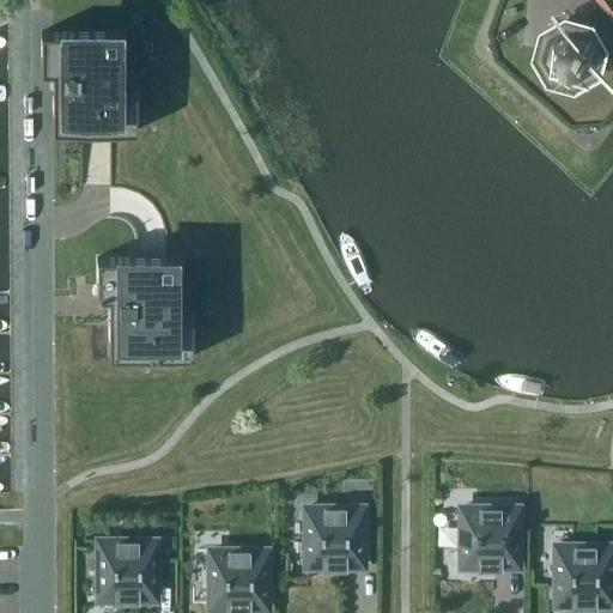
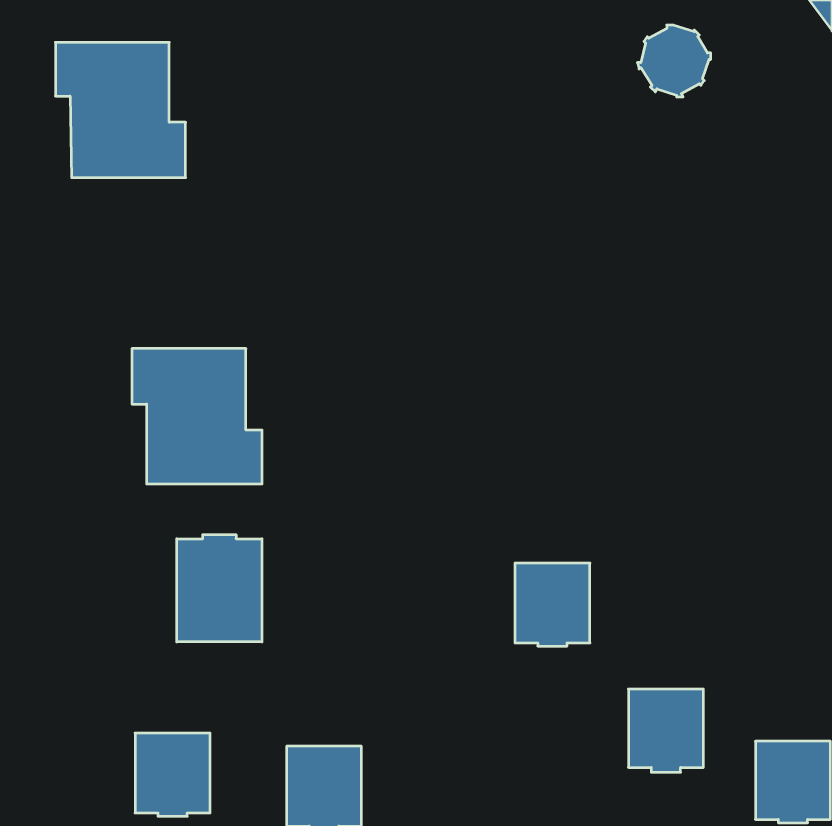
building: [540,29,594,81] -> [637,25,711,97]
building: none -> [177,535,262,642]
building: [306,510,362,571] -> [515,563,590,646]

